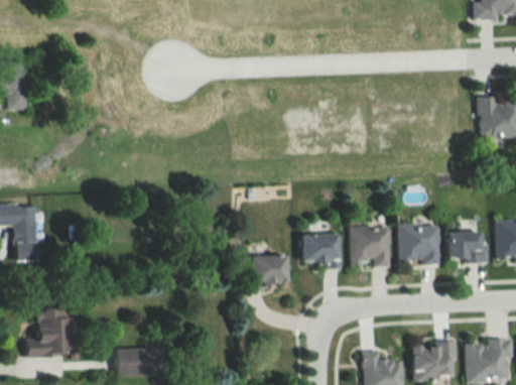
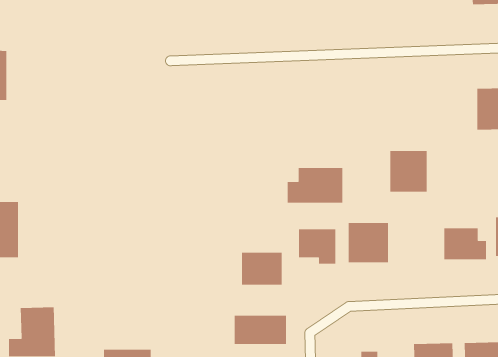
building: none -> [287,167,343,204]
building: [400,224,436,264] -> [389,150,427,192]
building: none -> [234,315,287,345]

